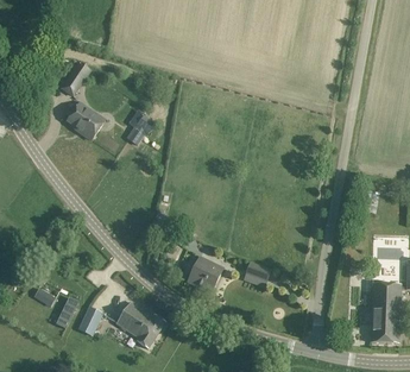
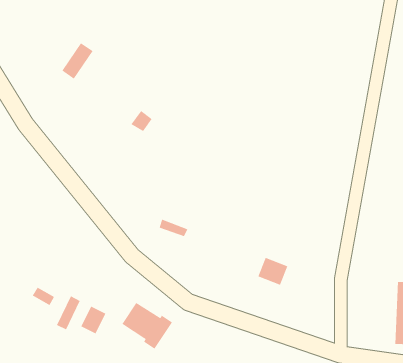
building: [65,101,105,139] -> none
building: [187,256,222,291] -> none

